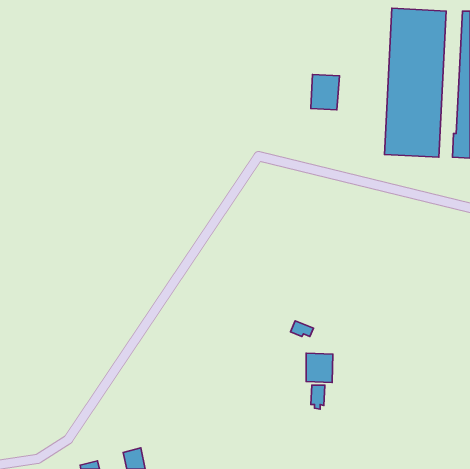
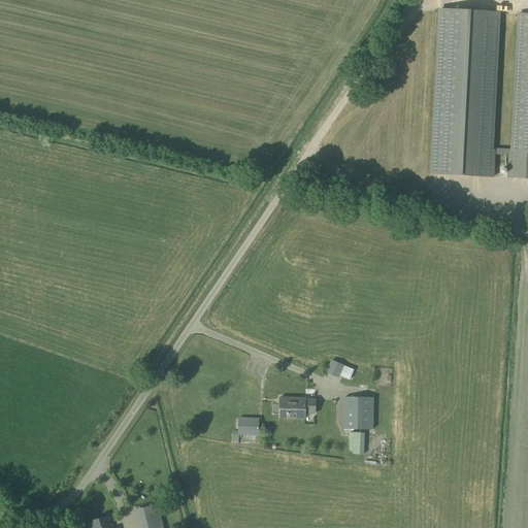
building: [311,75,339,110] -> none
building: none -> [278,397,314,418]
building: none -> [232,417,258,441]

